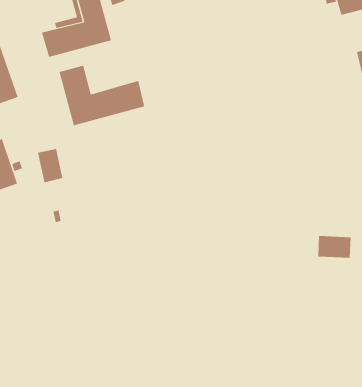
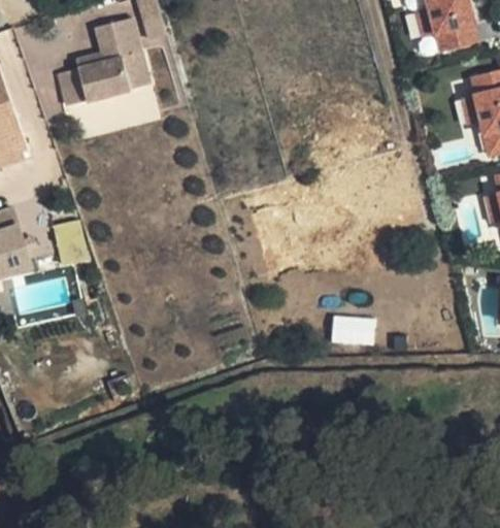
building: [59,65,145,126] -> none
building: [317,236,351,258] -> [331,316,374,344]

